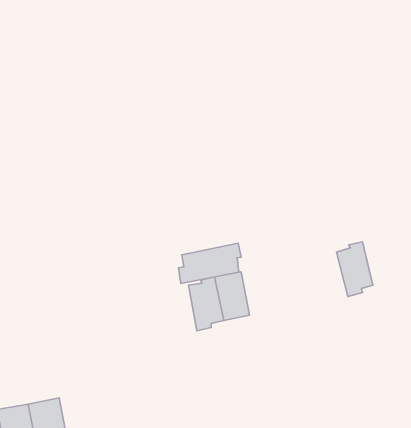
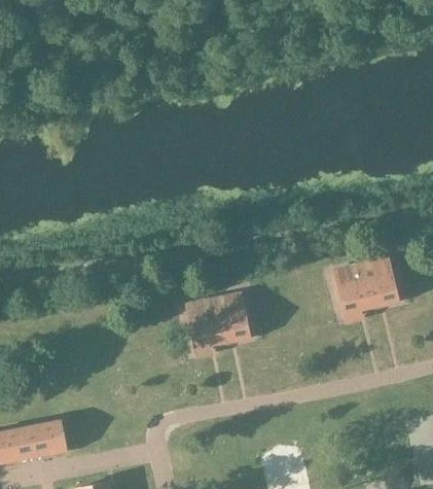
building: none -> [363,259,400,309]
building: [178,243,241,283] -> none

